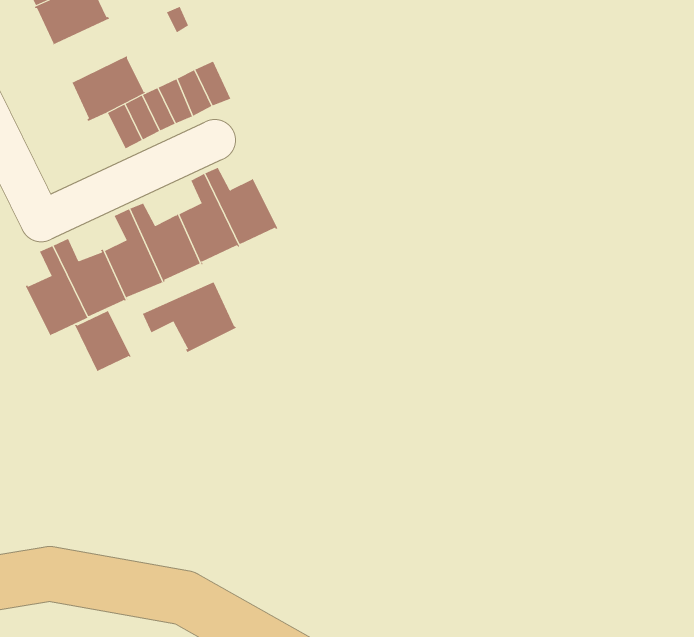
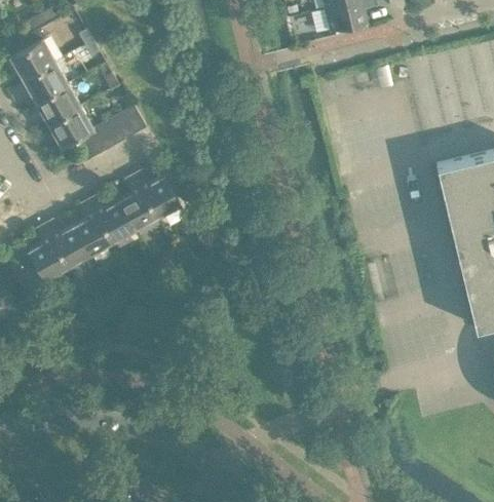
building: none -> [36,85,82,126]
building: [142,281,237,353] -> none
building: [74,308,132,372] -> none

